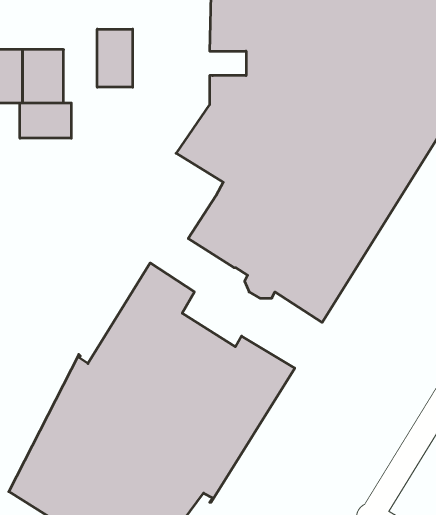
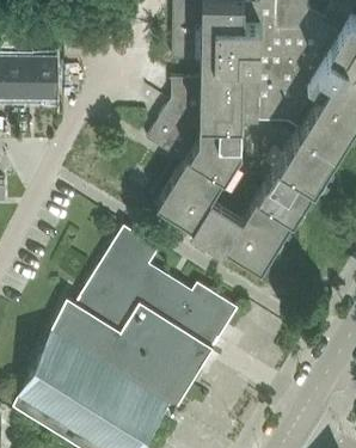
building: [97,29,133,87] -> none
building: [20,103,71,138] -> none

